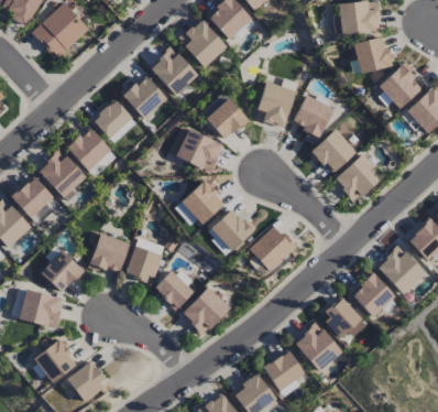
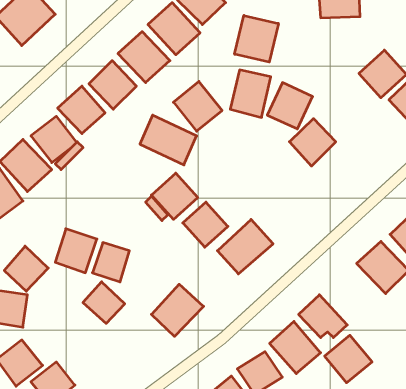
building: none -> [235,15,278,62]
building: [353,36,392,74] -> none
building: [335,154,384,203] -> none
building: [154,270,194,310] -> [83,282,125,323]
building: [351,272,396,317] -> [325,335,372,383]

